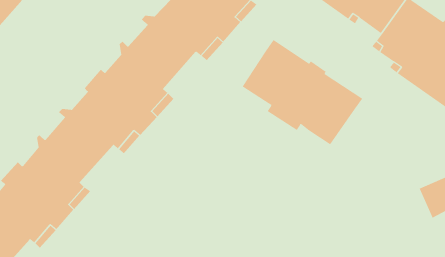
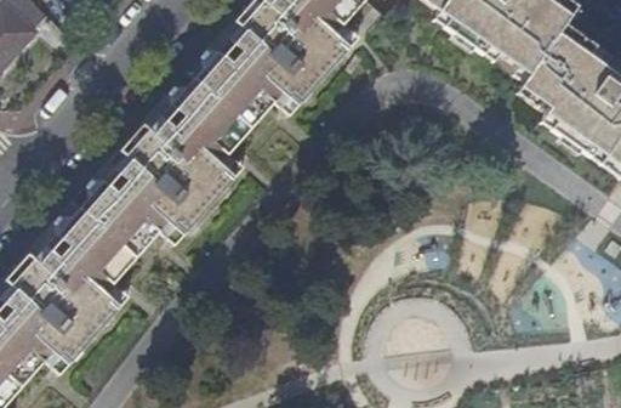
building: [242,39,363,145] -> none

